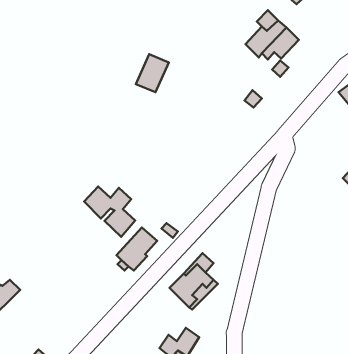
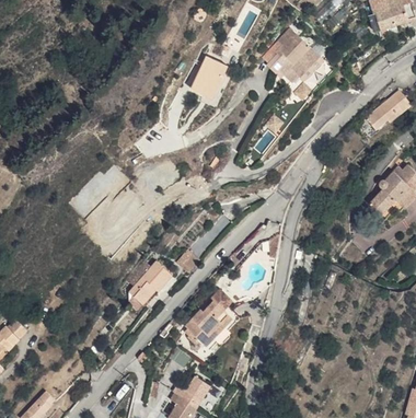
building: [136,54,169,92] -> [190,57,226,97]
building: [84,186,135,237] -> none

